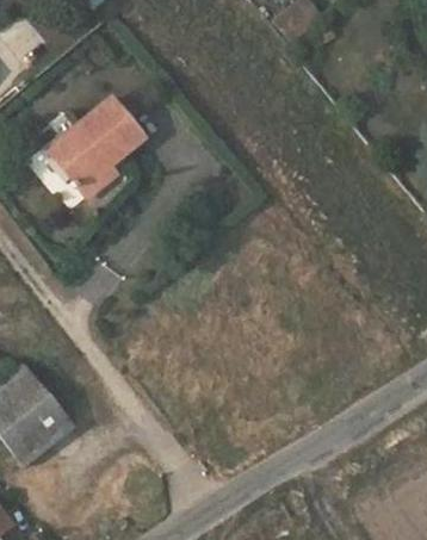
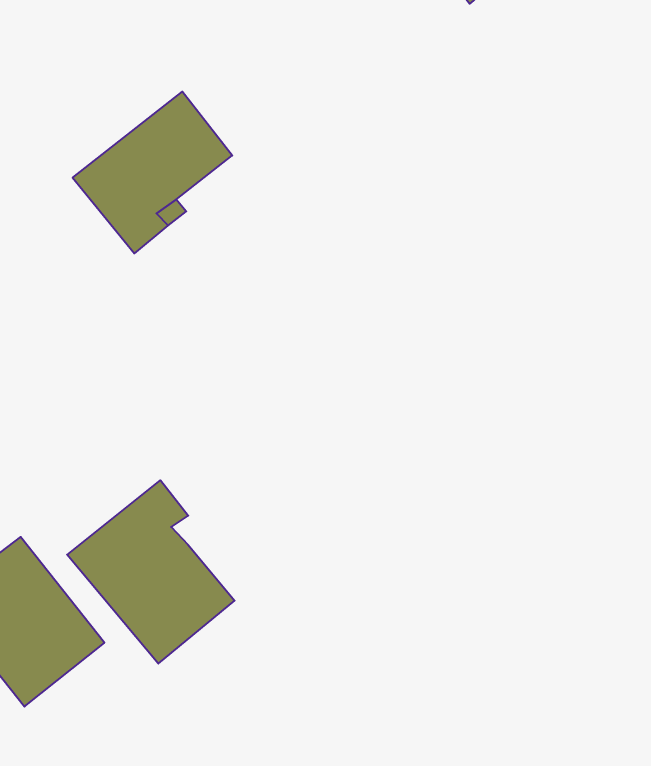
building: none -> [67,480,235,664]

